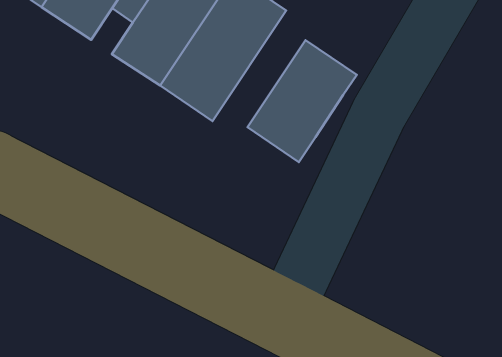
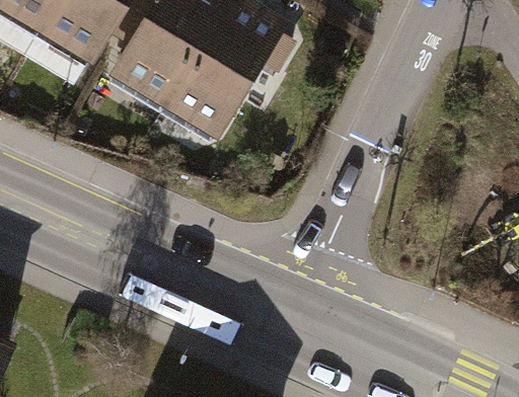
building: [248,40,357,162] -> none

